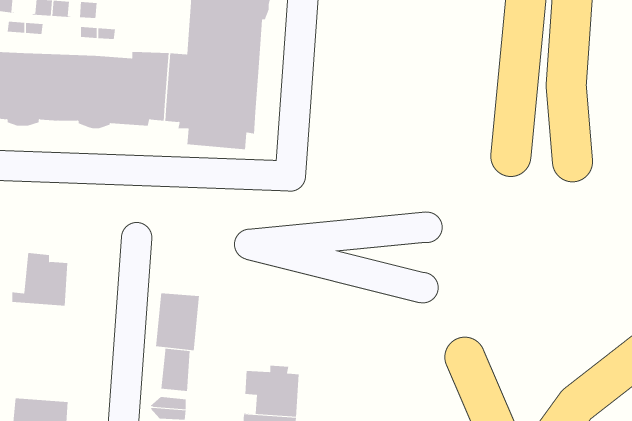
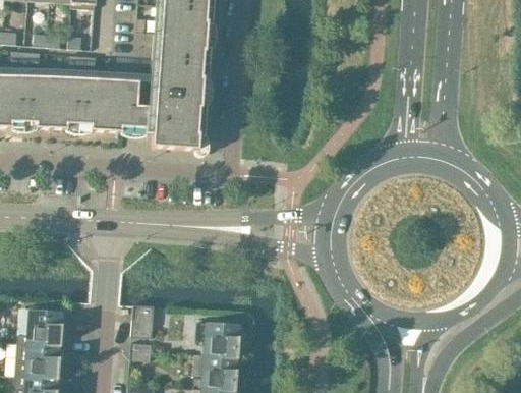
building: [12,252,68,306] -> [19,303,63,345]
building: [156,293,199,351] -> none

